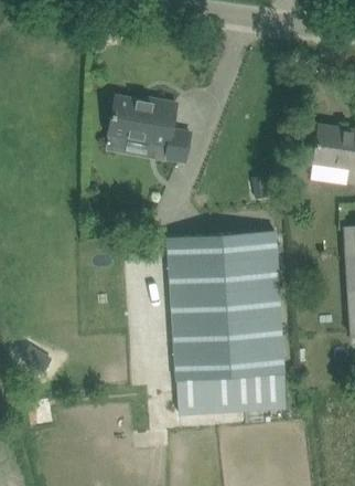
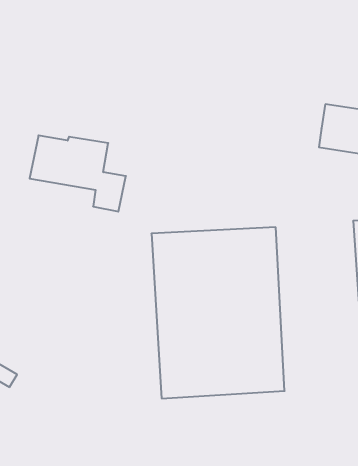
building: [108,98,192,165] -> [30,135,126,212]
building: [176,376,286,414] -> none

